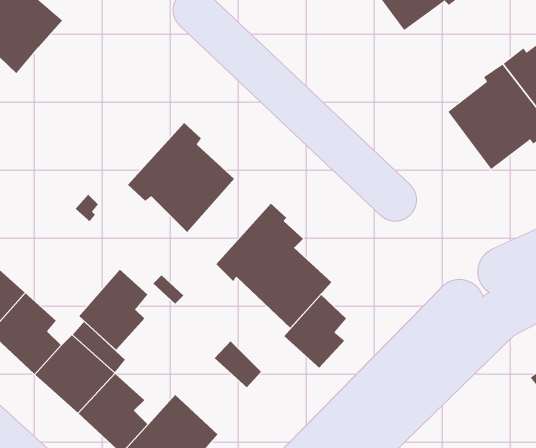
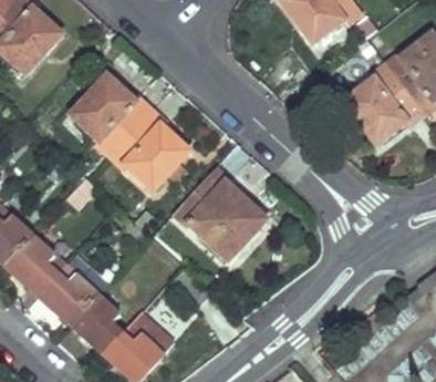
building: none -> [71,75,149,154]
building: [79,269,148,351] -> none
building: [283,294,347,369] -> none

